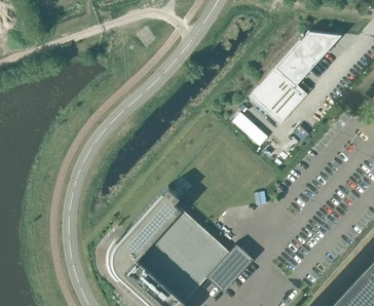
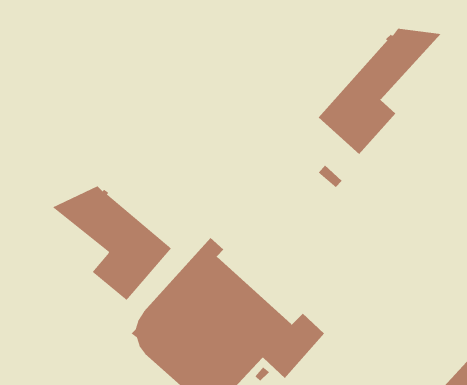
building: none -> [52,186,172,301]

